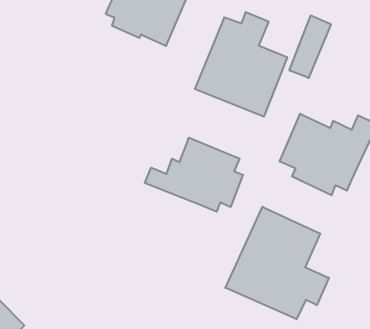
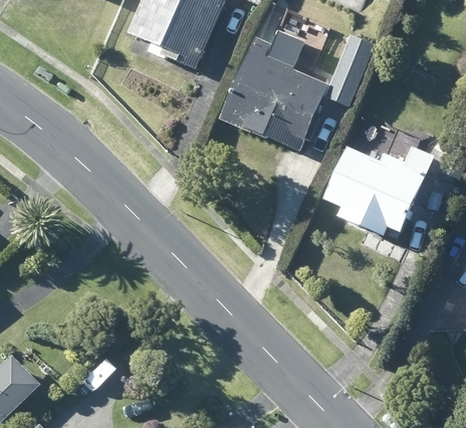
building: [145,138,243,212] -> none
building: [225,207,329,319] -> none

